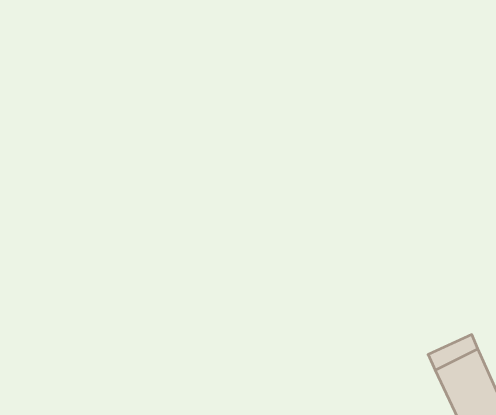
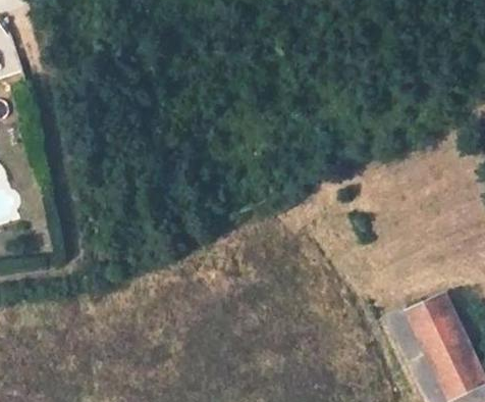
building: none -> [406,293,452,328]

